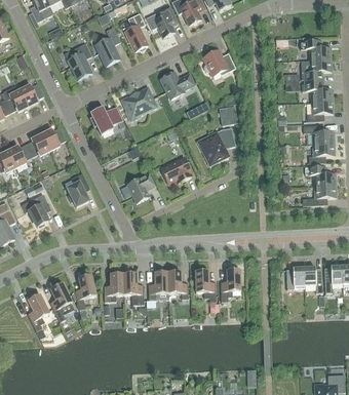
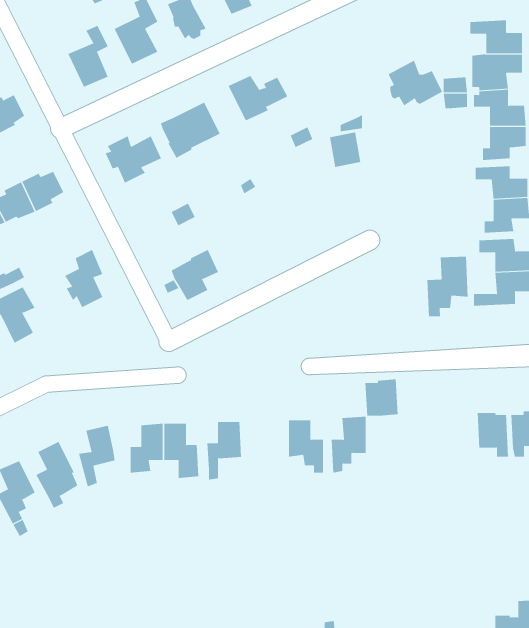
building: [203,49,235,76] -> [388,60,443,106]
building: [197,127,235,165] -> none
building: [160,157,191,183] -> none
building: none -> [427,256,468,317]
building: [285,267,305,288] -> [365,379,398,416]
building: [167,271,188,299] -> none

